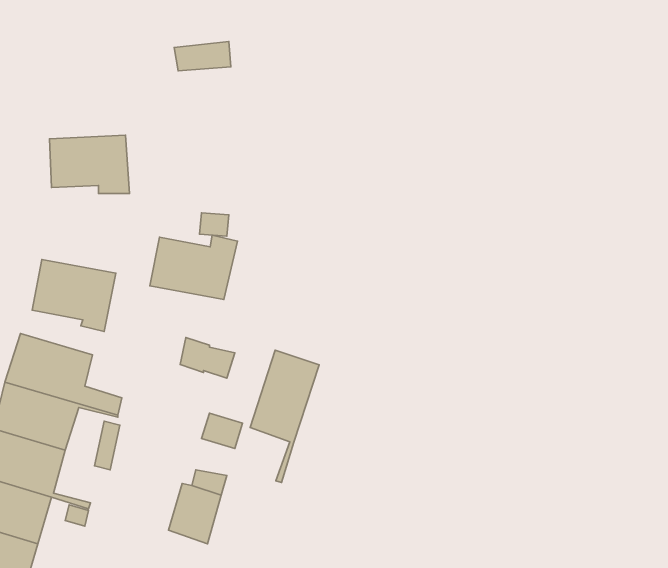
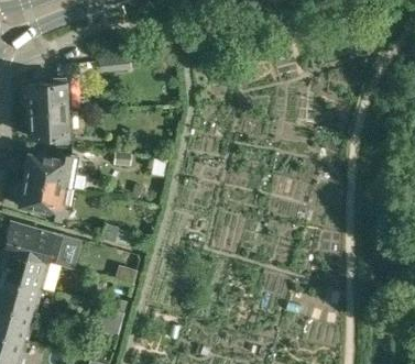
building: none -> [29,63,80,111]
building: [150,235,237,299] -> [25,151,75,187]
building: [250,350,319,482] -> none

